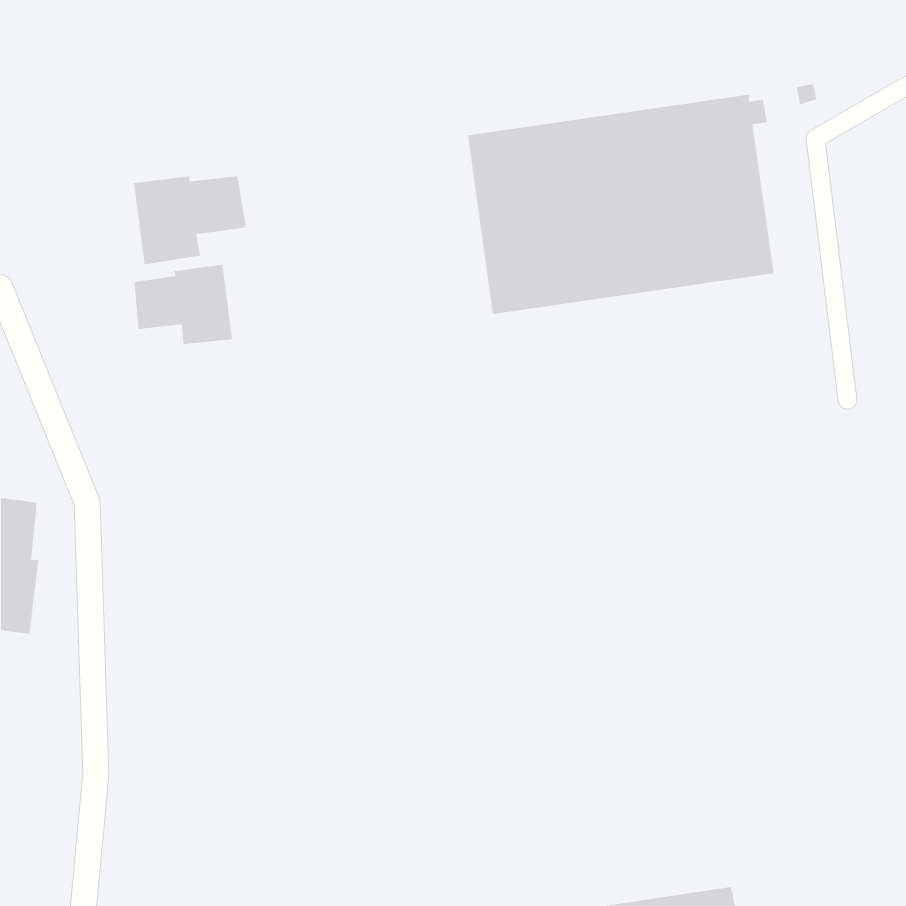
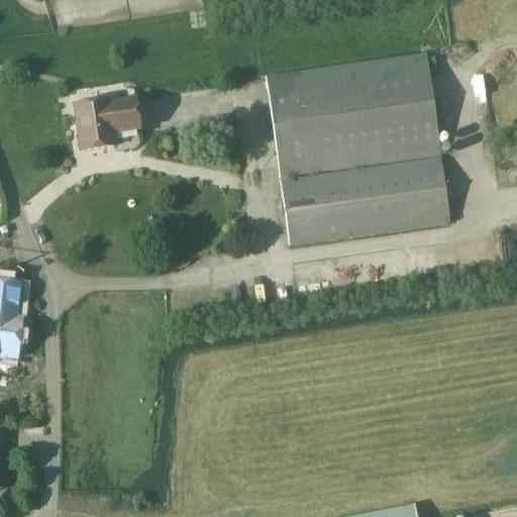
building: [134,264,233,345] -> none
building: none -> [281,158,450,244]

